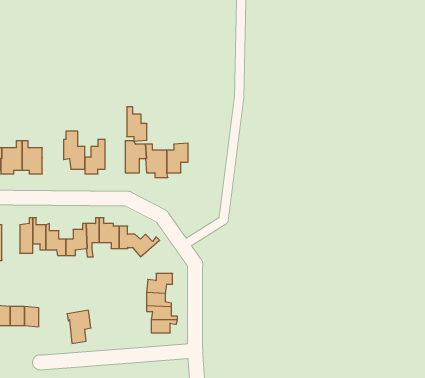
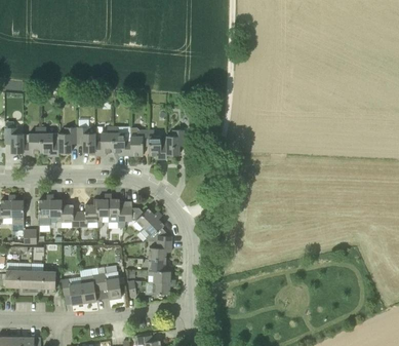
building: [127,107,147,141] -> [113,126,130,156]
building: none -> [58,126,77,152]
building: none -> [144,214,171,242]
building: none -> [98,271,121,299]
building: none -> [62,277,84,304]

